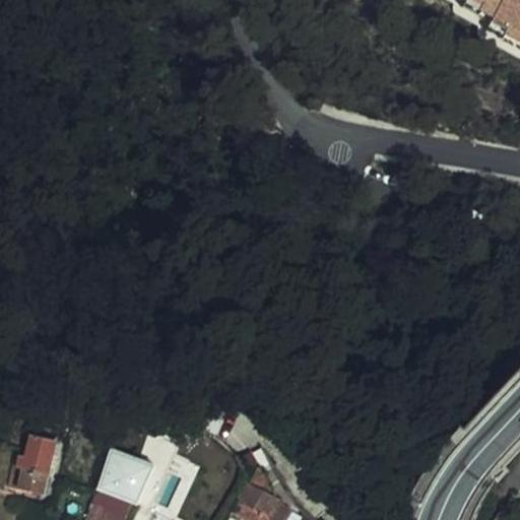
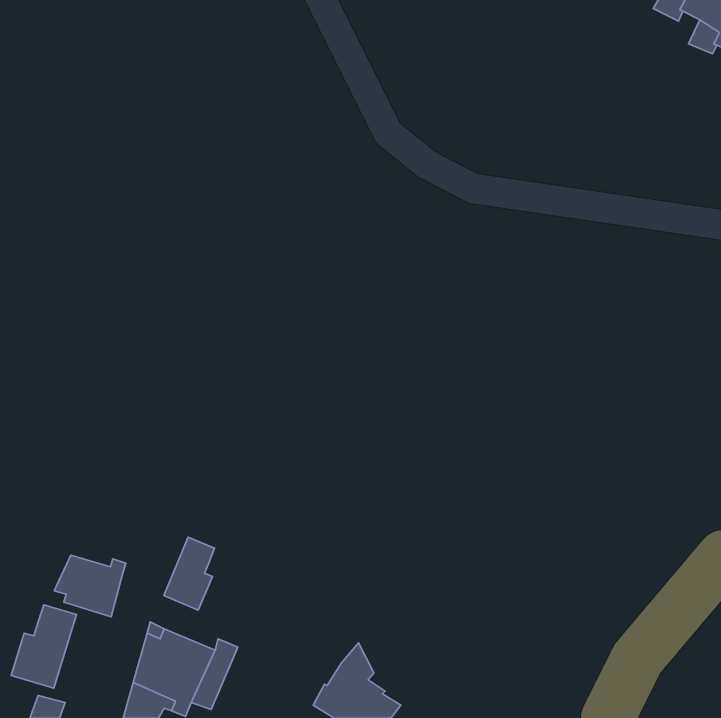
building: none -> [164,537,215,610]
building: none -> [54,555,126,617]

